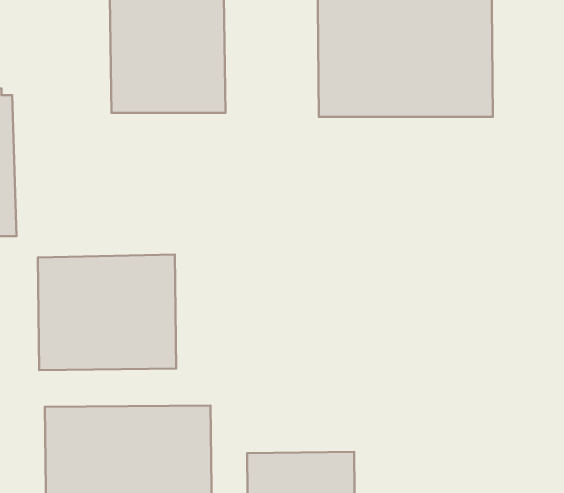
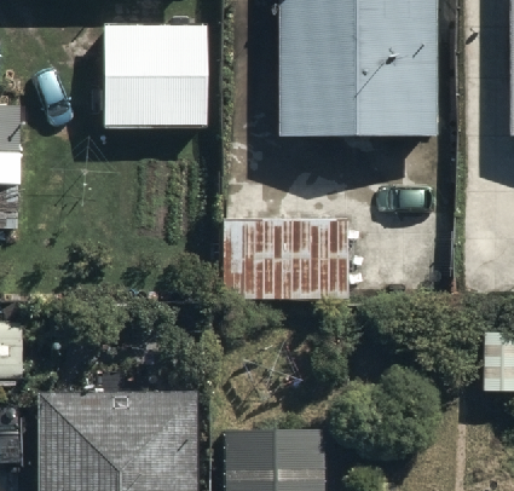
building: none -> [226,225,347,307]
building: [38,254,176,370] -> none

